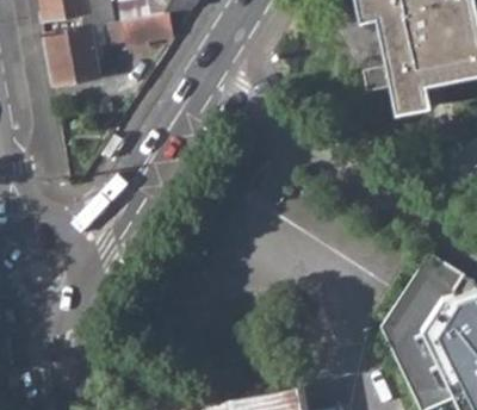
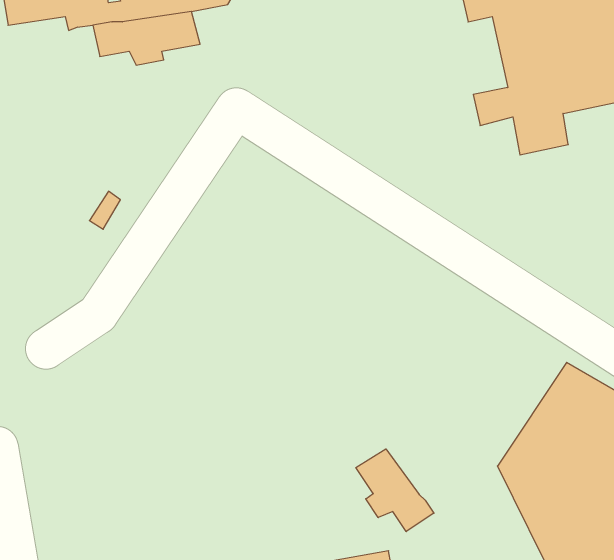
building: [45,24,100,85] -> none
building: none -> [356,449,434,532]

